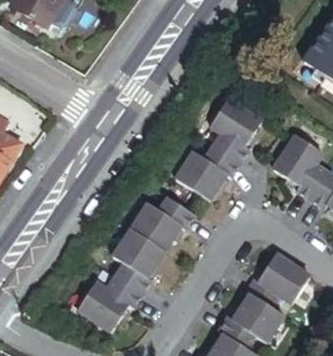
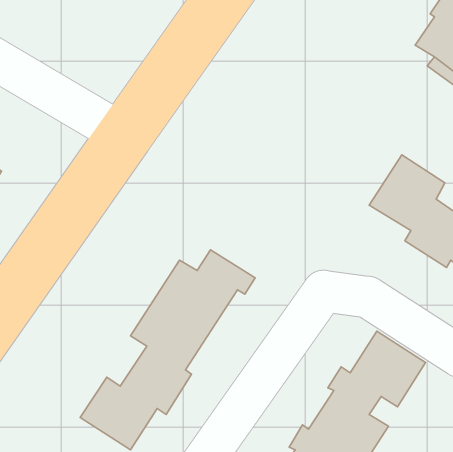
building: [175,96,265,201] -> none

